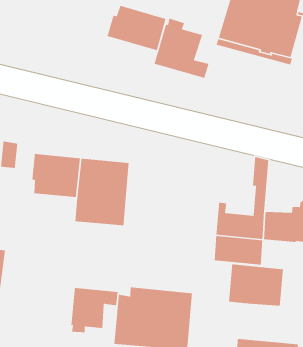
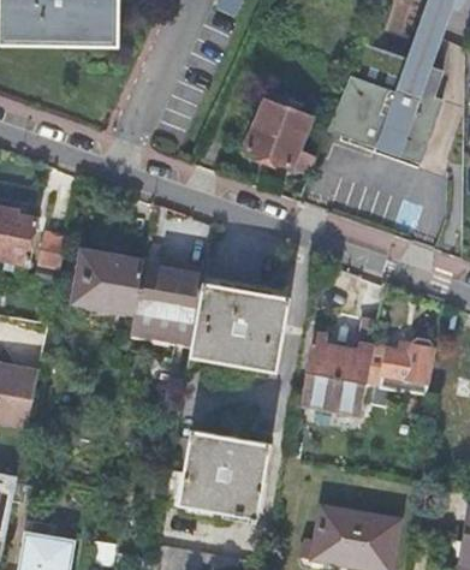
building: [107,5,167,51] -> none
building: none -> [191,275,290,372]
building: [228,264,284,306] -> none
building: [70,287,118,333] -> none

